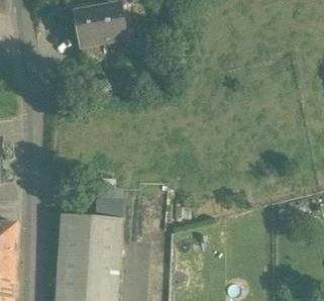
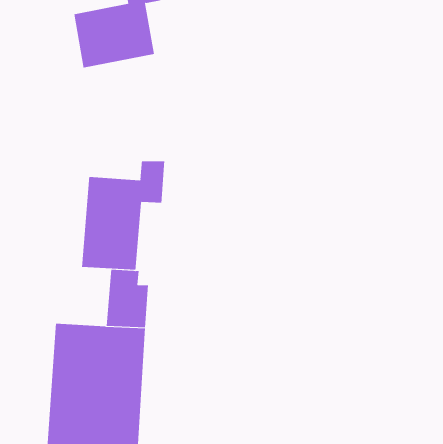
building: none -> [82,160,165,271]

